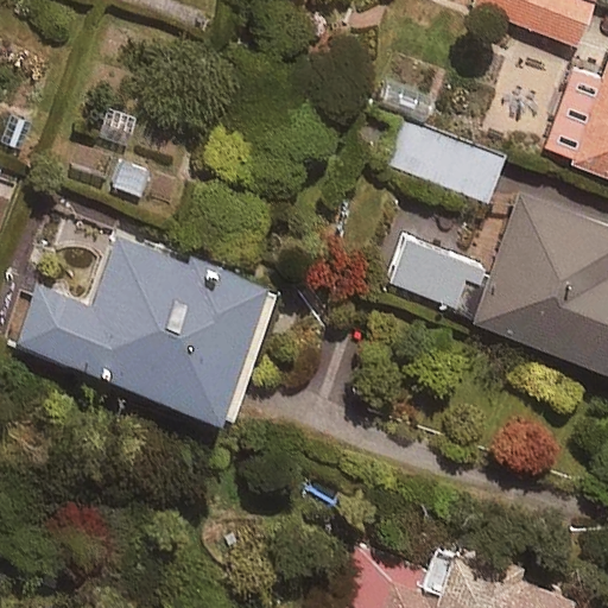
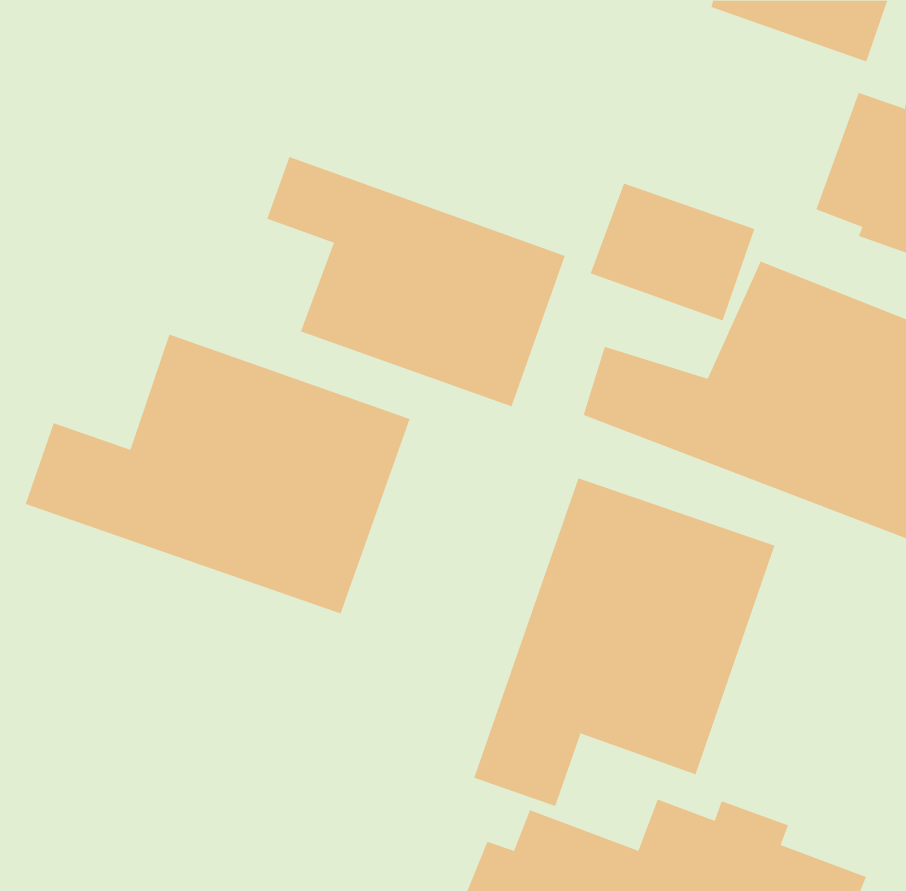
building: none -> [267,156,565,407]
building: none -> [473,478,775,807]

